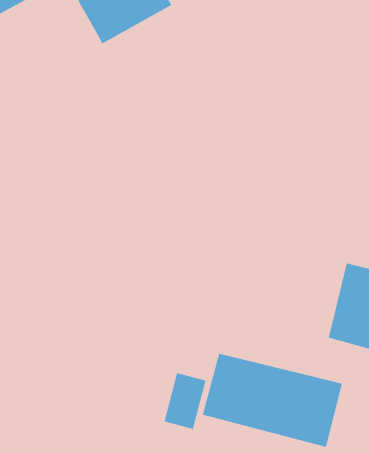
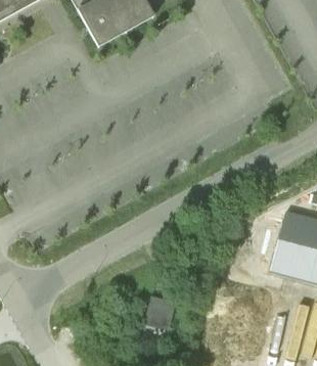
building: [202,353,343,448] -> none

